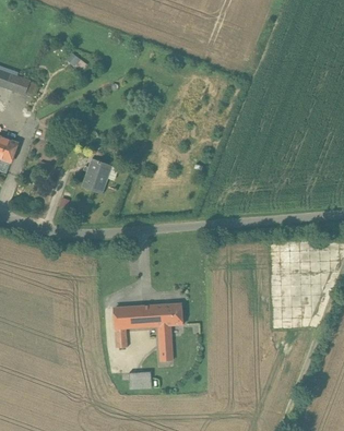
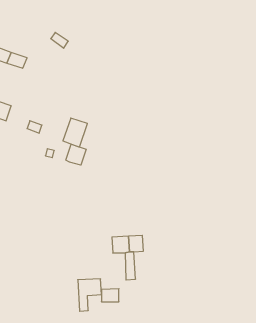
building: none -> [66,144,86,165]
building: [114,307,143,347] -> [78,279,101,311]

